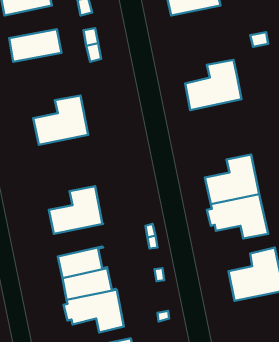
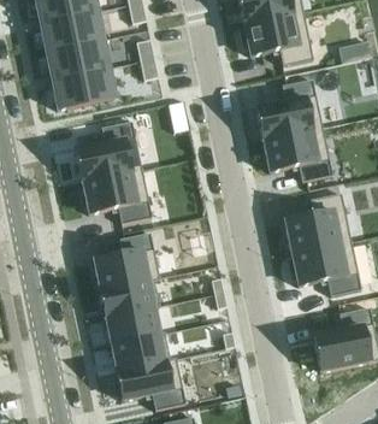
building: none -> [40,12,104,52]
building: none -> [240,12,313,66]
building: none -> [51,70,116,110]
building: none -> [266,126,338,182]
building: none -> [82,170,152,224]
building: none -> [100,278,160,318]

